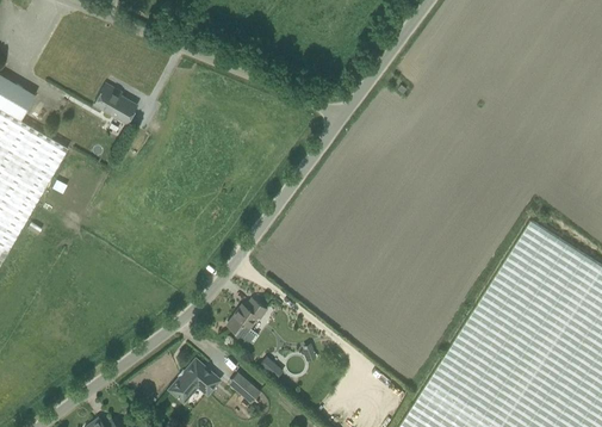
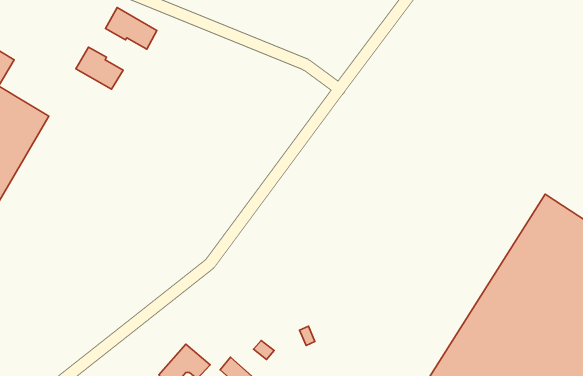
building: none -> [106,8,157,49]
building: [226,298,266,344] -> none

